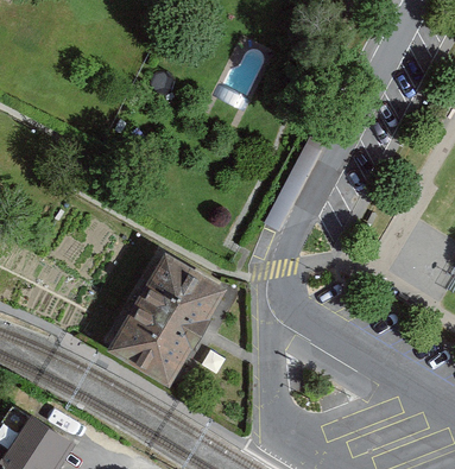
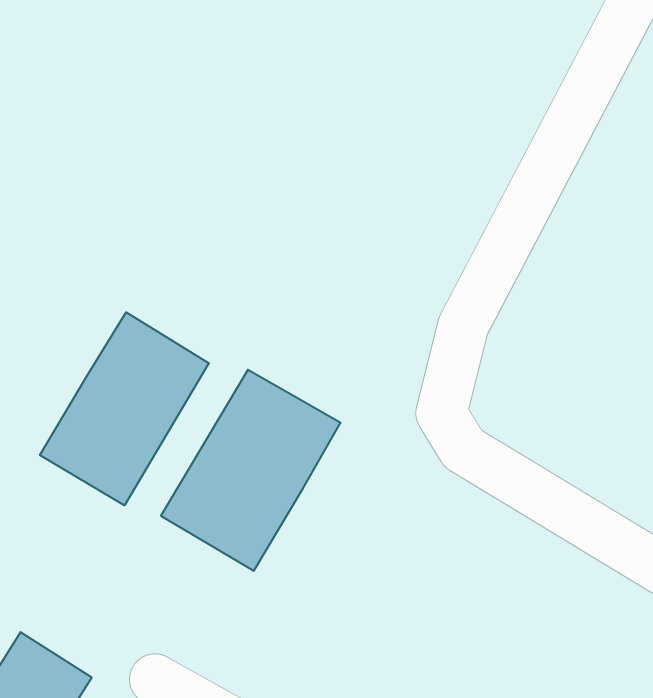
building: none -> [40,312,209,505]

